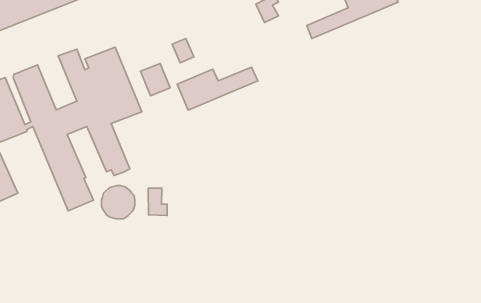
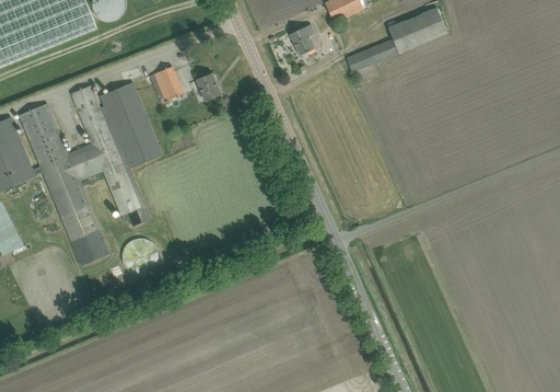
building: [141,63,170,96] -> [150,66,183,102]
building: [177,67,258,110] -> none
building: [148,188,167,215] -> none

